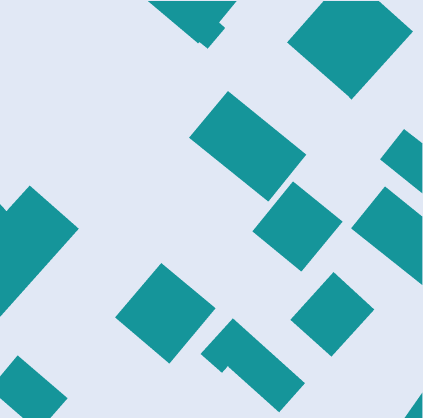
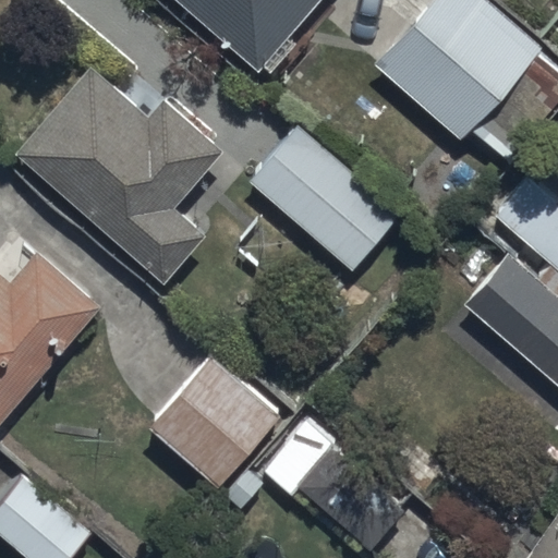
building: none -> [14,65,226,284]
building: [251,180,344,273] -> none
building: [290,271,375,358] -> none

